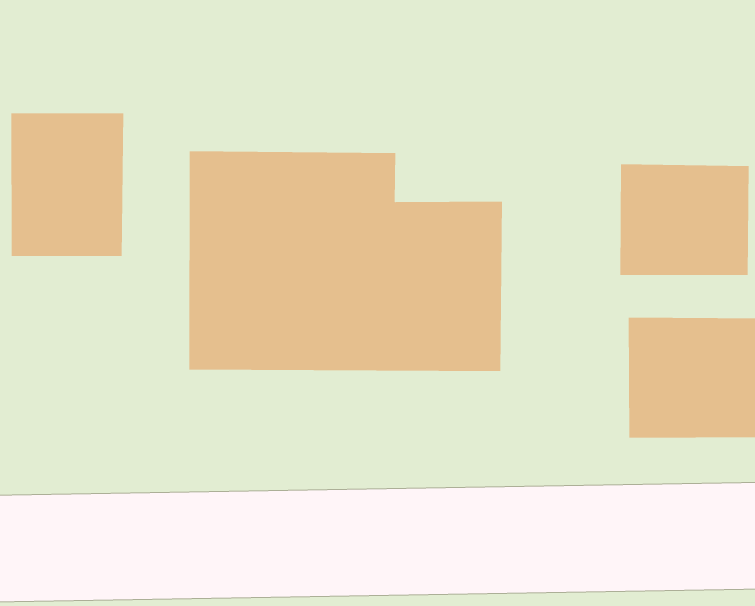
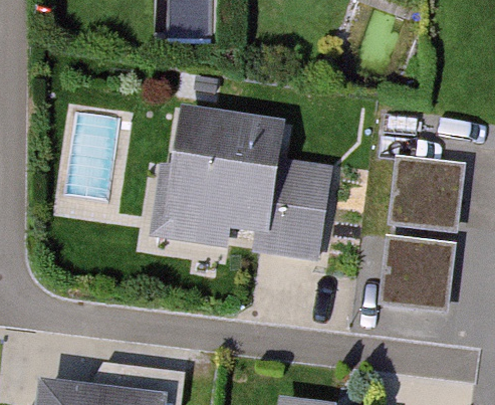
building: [11,112,124,257] -> none

